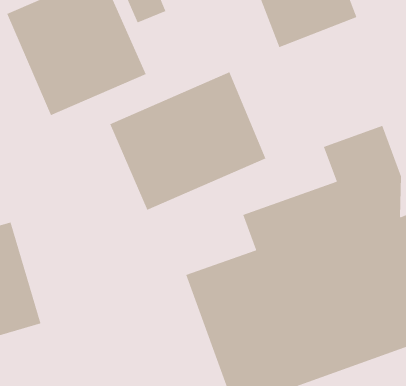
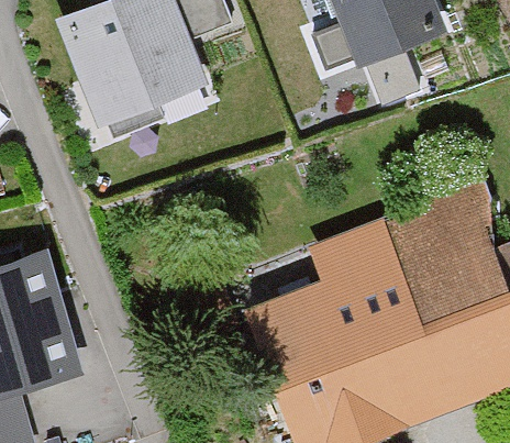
building: [109,71,267,211] -> none

